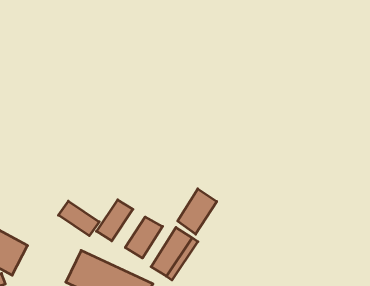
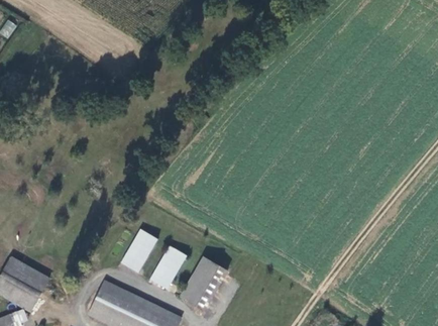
building: [178,189,217,234] -> none
building: [58,201,99,236] -> none

